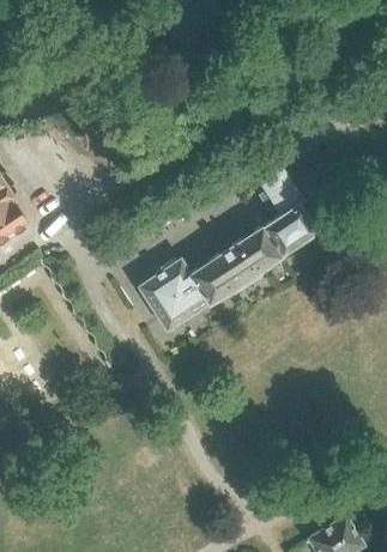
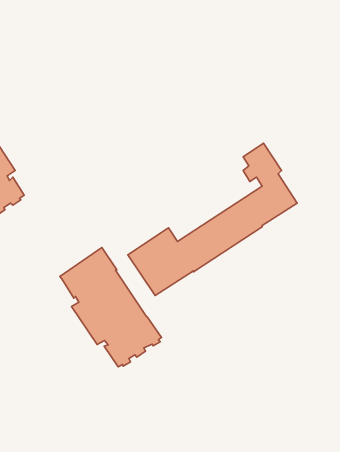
building: none -> [60,247,161,367]

